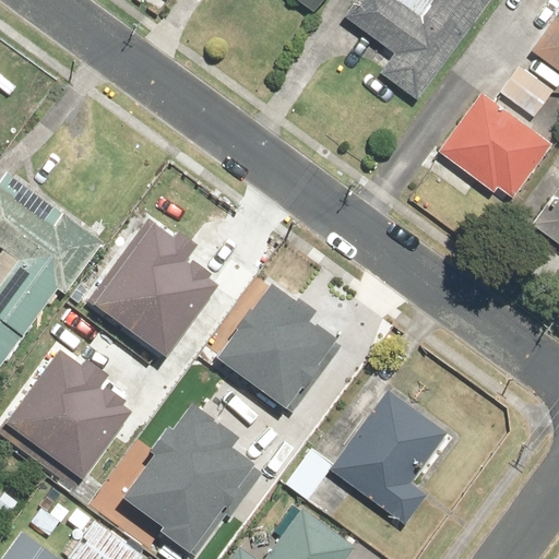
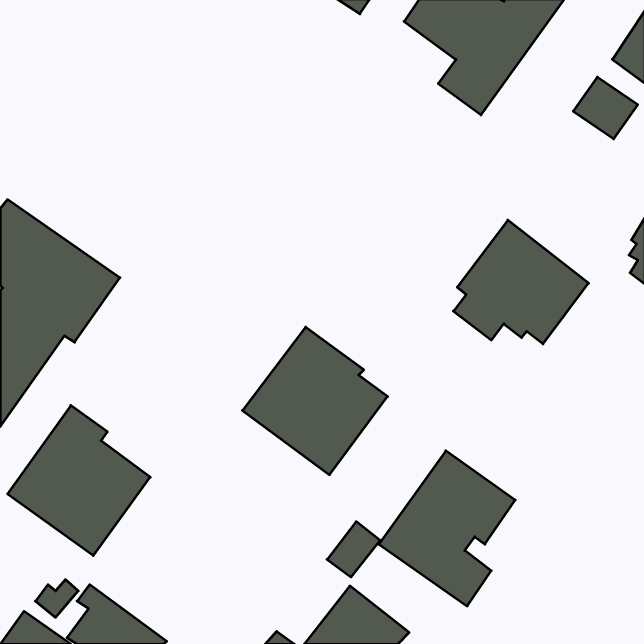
building: [435,92,551,199] -> [453,220,589,344]
building: [96,223,221,353] -> none
building: [116,401,255,552] -> none

